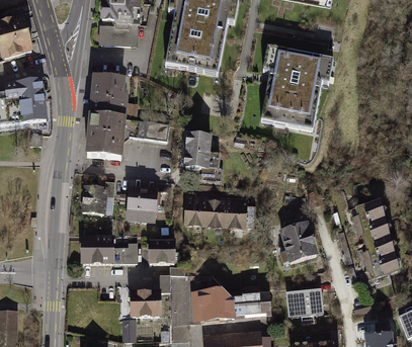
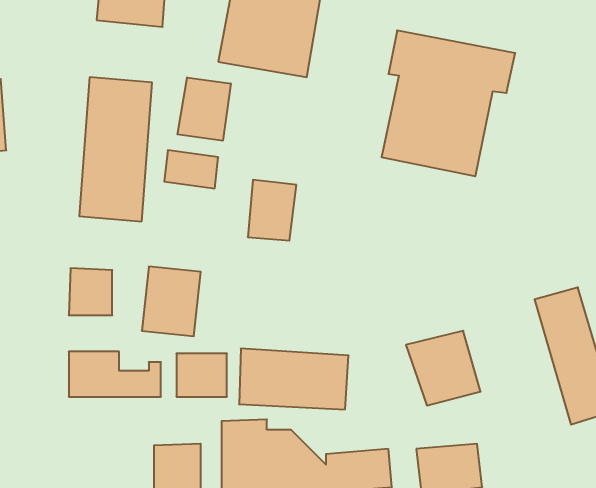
building: none -> [177,77,231,141]
building: [185,194,249,230] -> [239,349,349,409]

